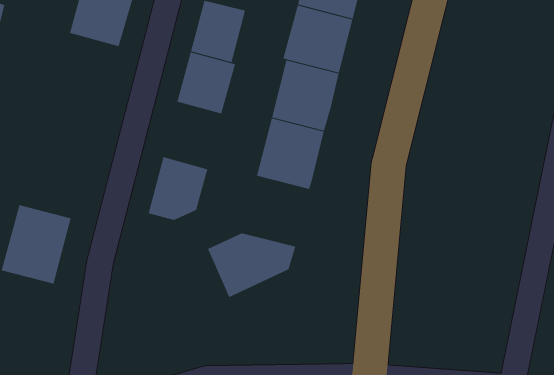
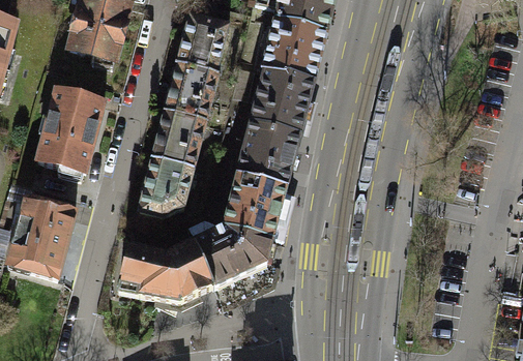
building: none -> [36,89,100,167]
building: none -> [152,108,206,169]
building: none -> [224,175,286,239]
building: none -> [117,241,212,300]

